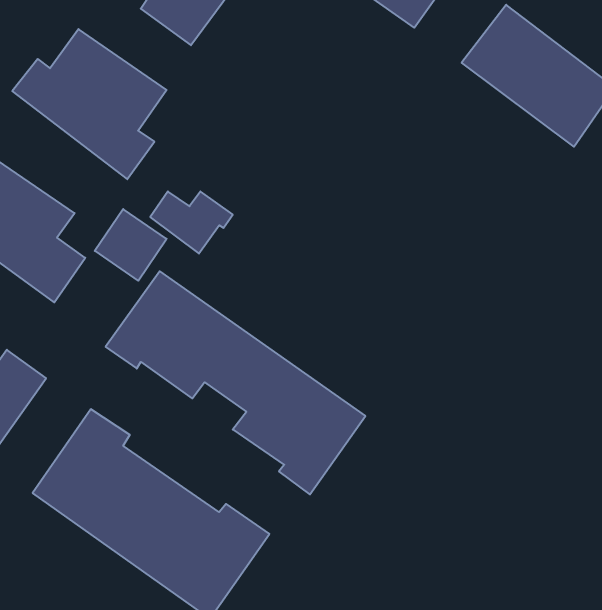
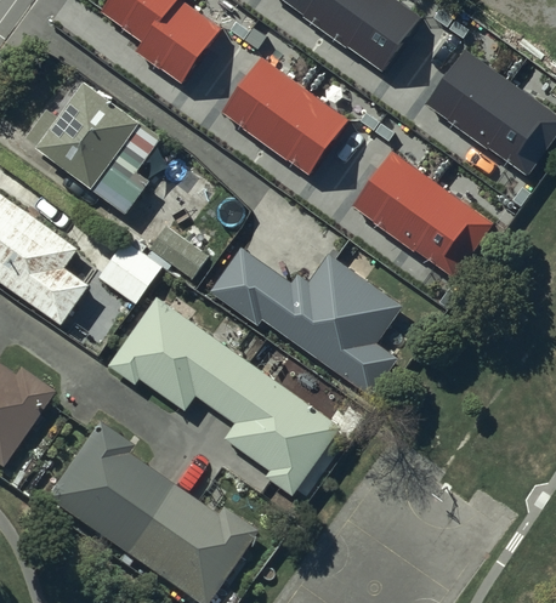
building: none -> [226,64,351,180]
building: none -> [354,158,495,284]
building: none -> [210,244,403,393]

